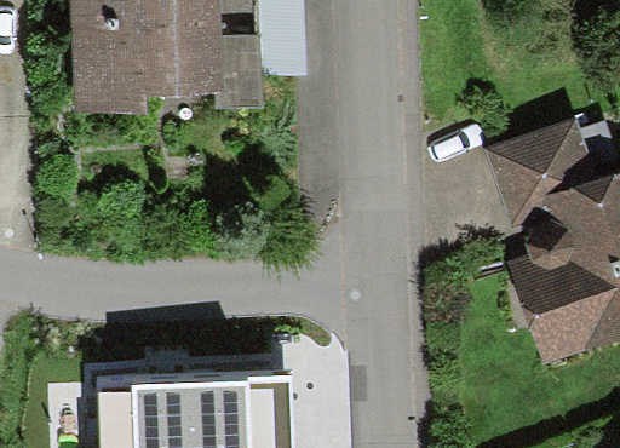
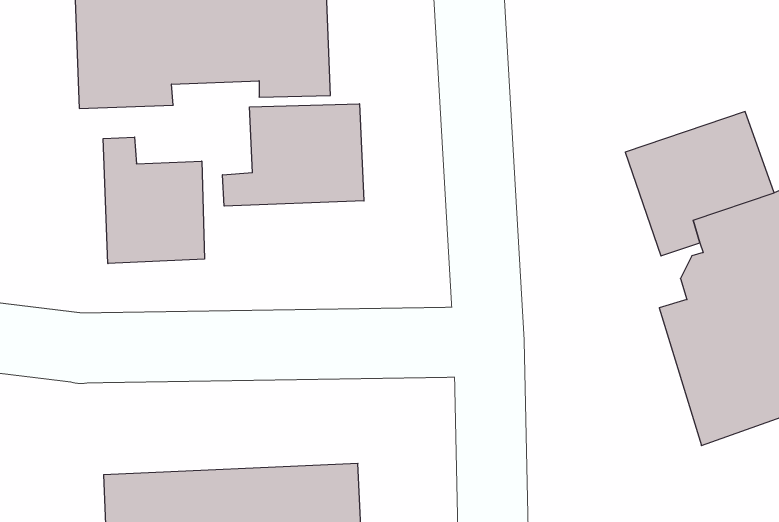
building: none -> [223,104,364,206]
building: none -> [103,137,204,264]

